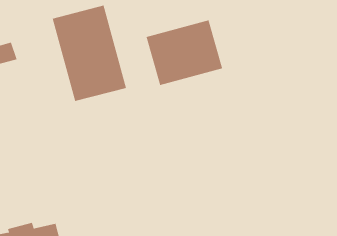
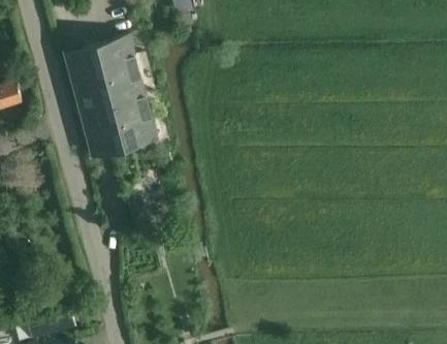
building: [146,19,223,86] -> none

